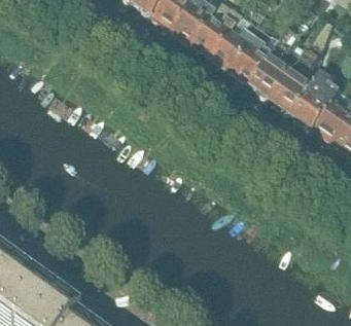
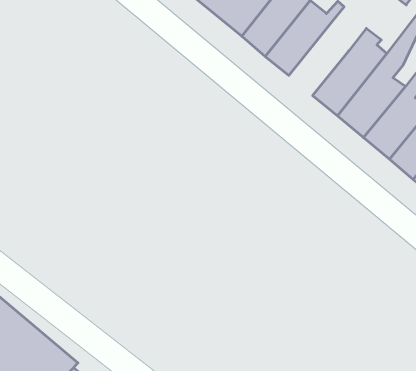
building: [232,26,277,86] -> none

